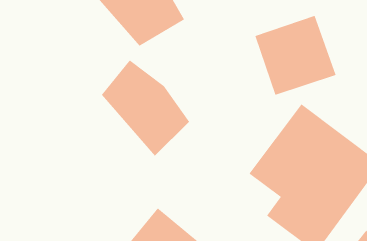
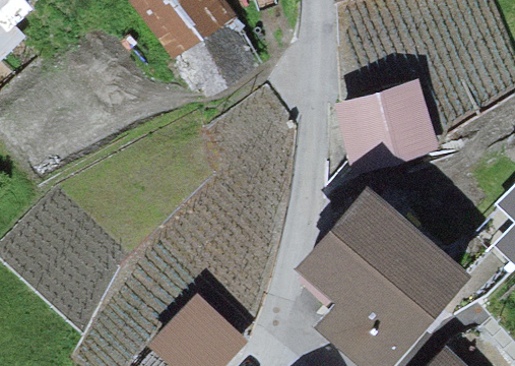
building: [101,59,190,156] -> none

